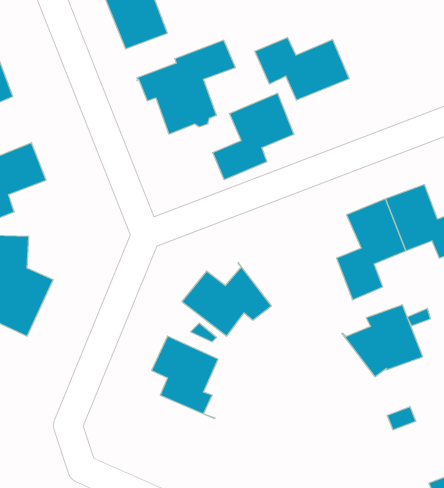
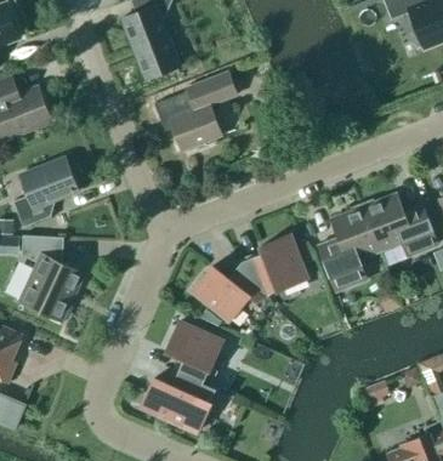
building: [255,37,349,100] -> none
building: [213,93,294,180] -> none
building: [342,305,423,377] -> [239,234,307,295]
building: none -> [141,370,218,432]

